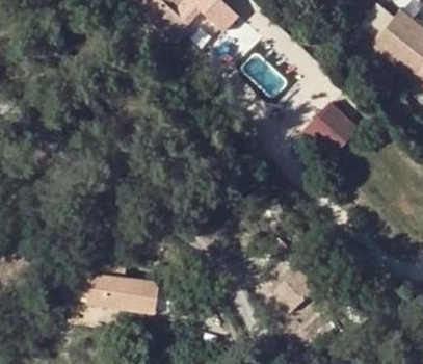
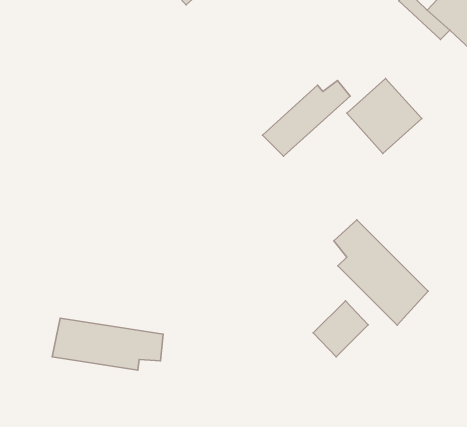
building: none -> [262,80,350,156]
building: none -> [334,220,428,325]

